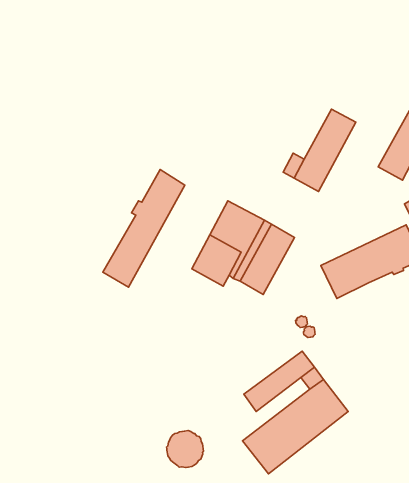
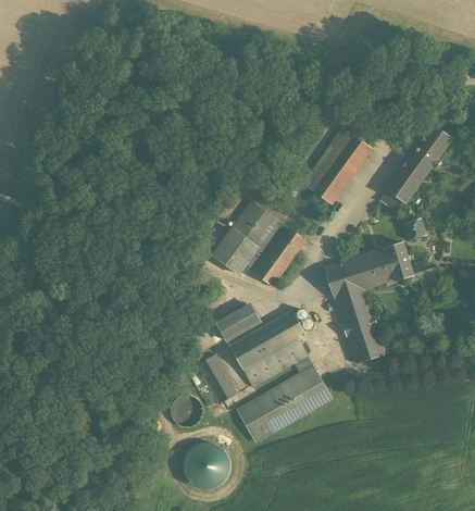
building: [103,170,185,287] -> none
building: none -> [335,288,385,363]
building: none -> [229,310,305,370]
building: none -> [217,306,260,339]
building: none -> [196,353,238,403]

